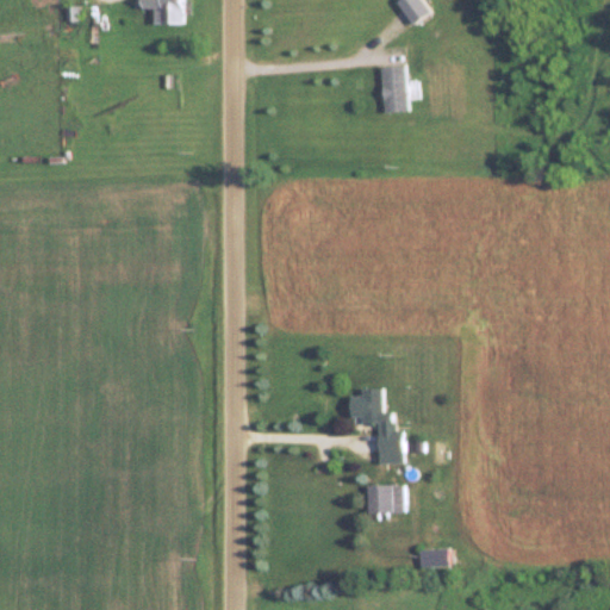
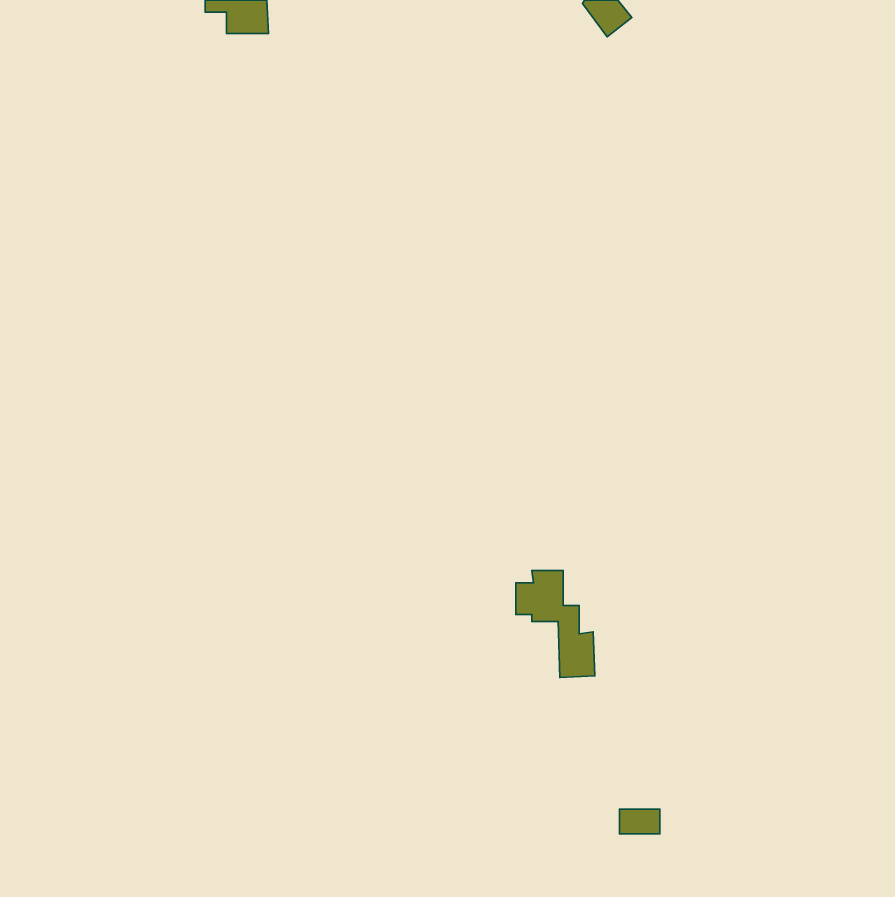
building: [382,67,406,111] -> none
building: [367,484,407,512] -> none

